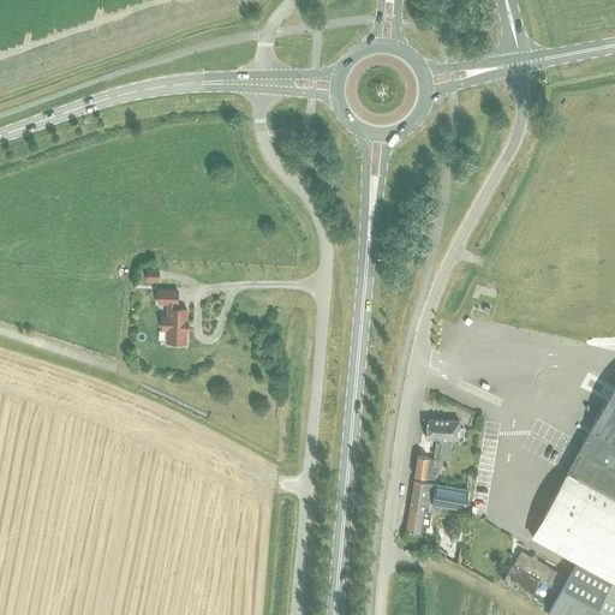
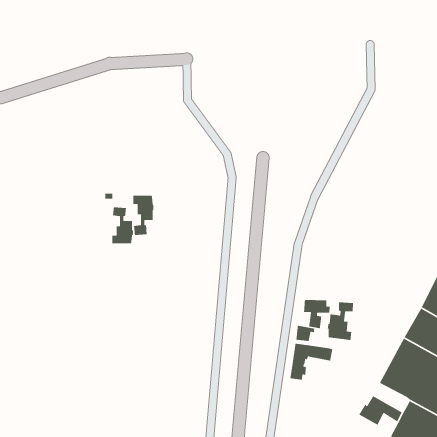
building: none -> [132,195,154,236]
building: none -> [327,301,354,341]

